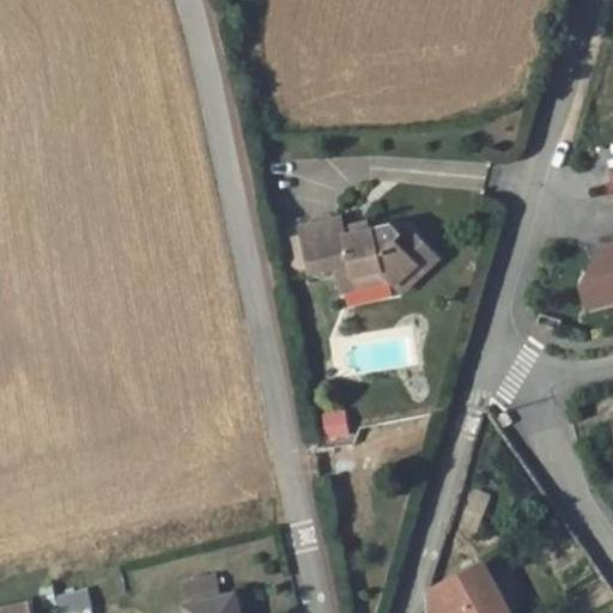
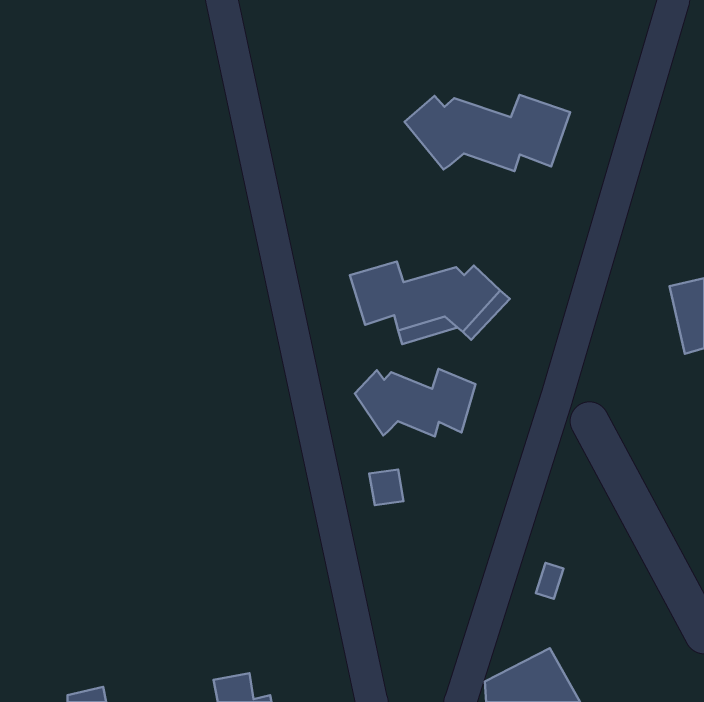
building: none -> [405,95,570,171]
building: none -> [355,369,475,437]

